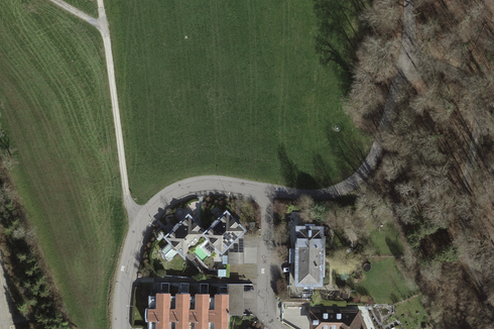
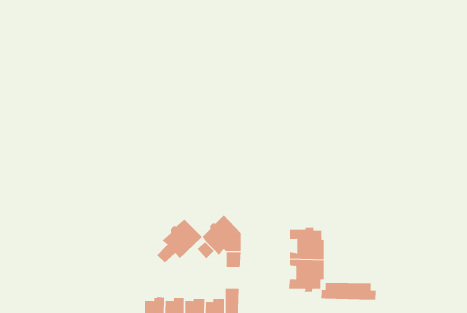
building: none -> [321,282,376,301]

